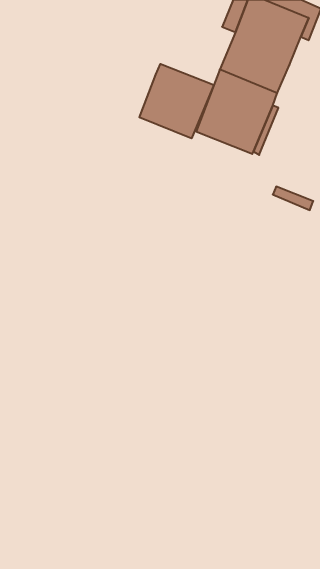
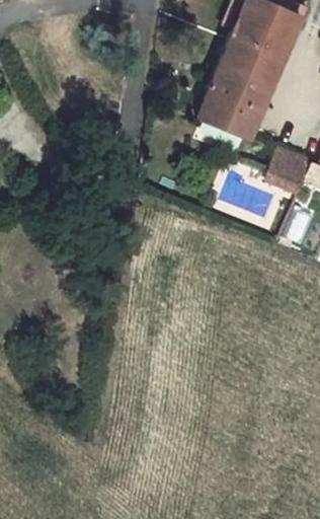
building: [139,64,214,138] -> none

